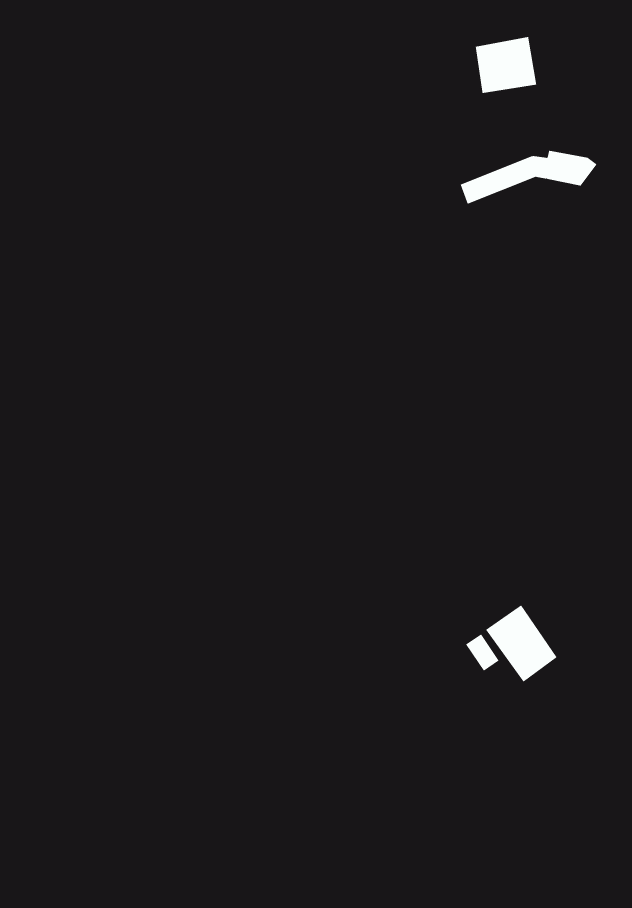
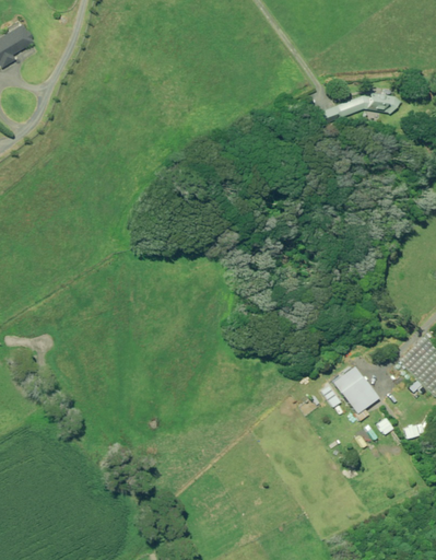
building: [475,36,537,94] -> none

